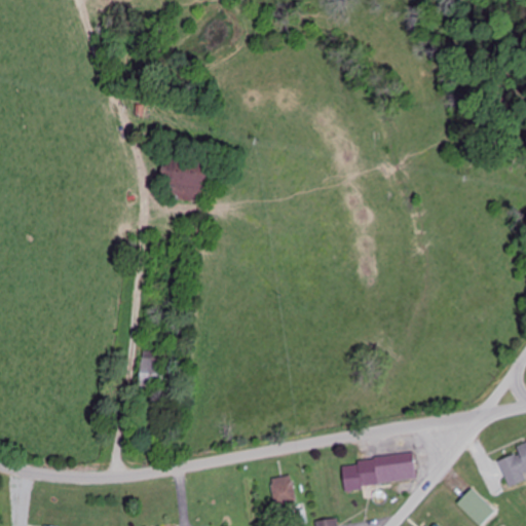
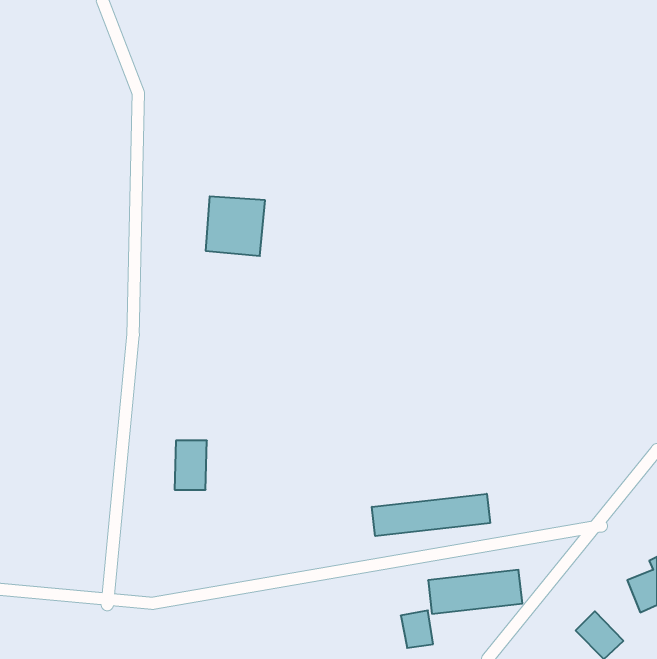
building: none -> [372,494,490,536]
building: [268,475,294,504] -> [401,610,433,648]

